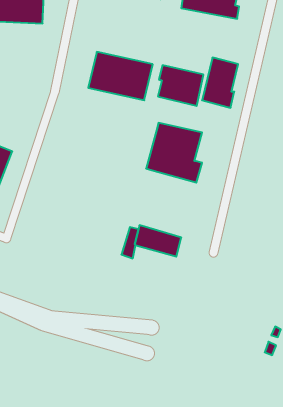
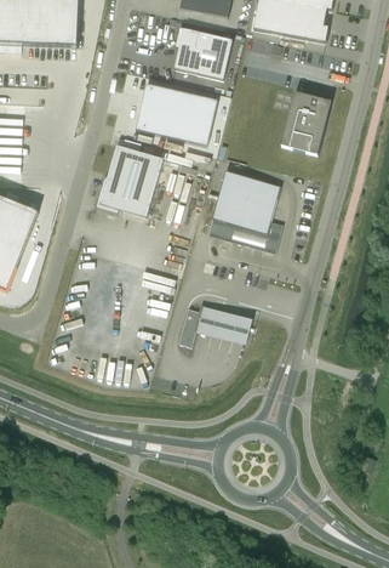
building: [158,65,203,106] -> [173,27,231,79]
building: none -> [98,144,162,216]

